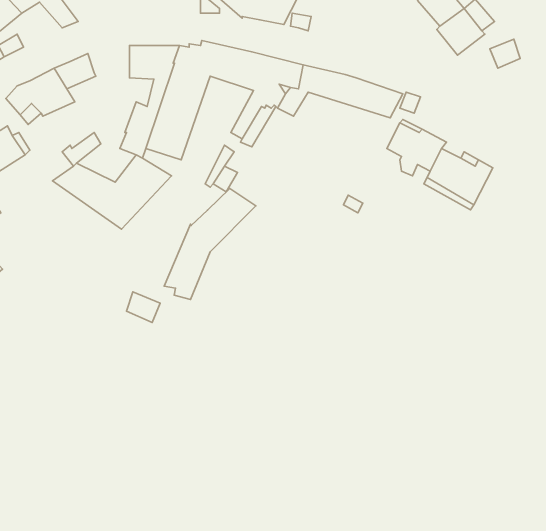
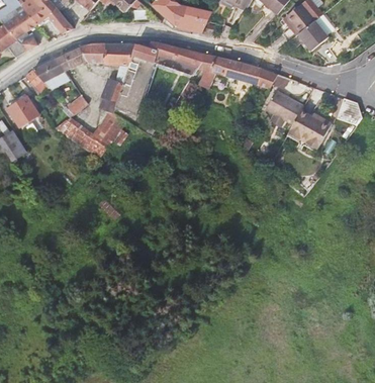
building: none -> [78,43,104,64]
building: none -> [338,98,360,124]
building: [164,188,256,299] -> none

